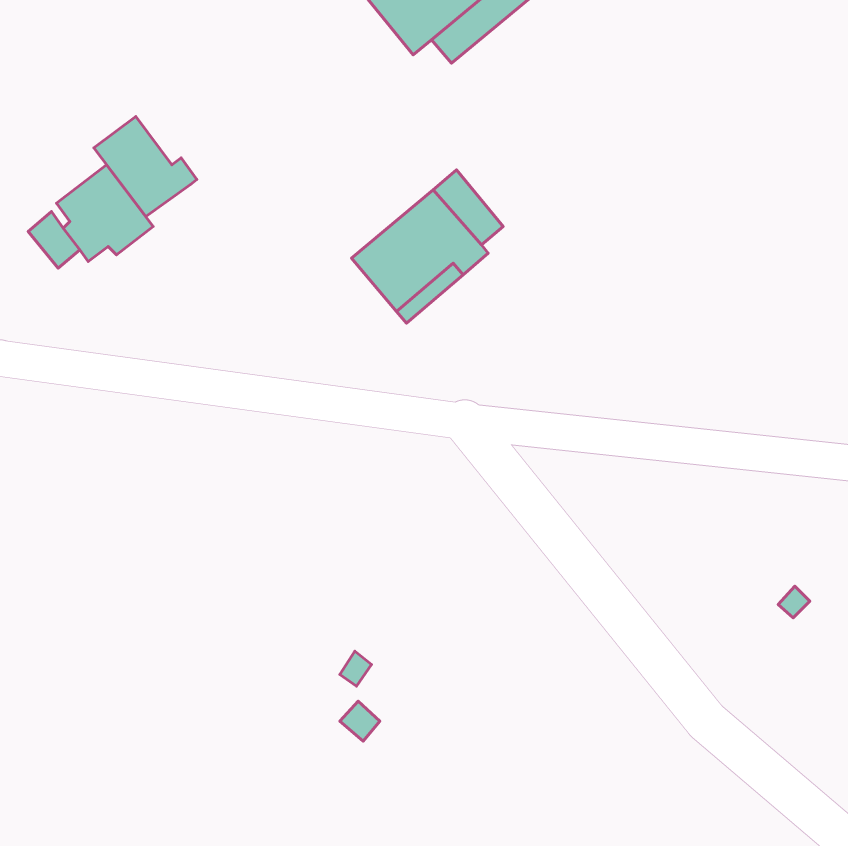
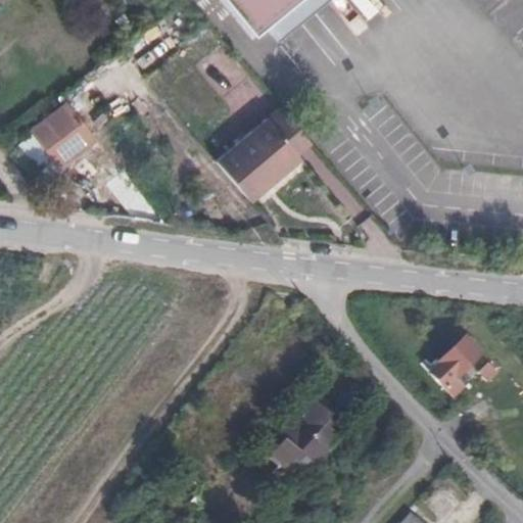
building: [94,116,197,217] -> none
building: none -> [431,334,482,393]
building: none -> [271,395,344,485]

